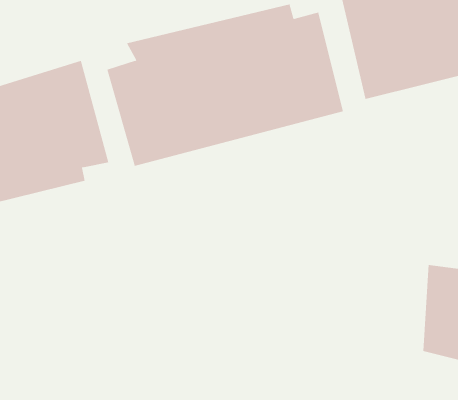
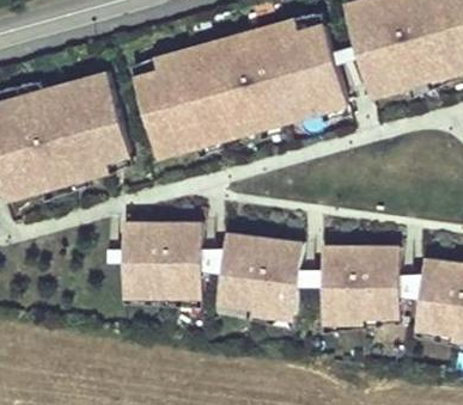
building: none -> [122,217,203,303]
building: none -> [218,229,306,325]
building: none -> [321,243,403,331]

